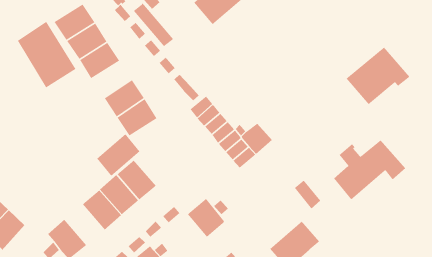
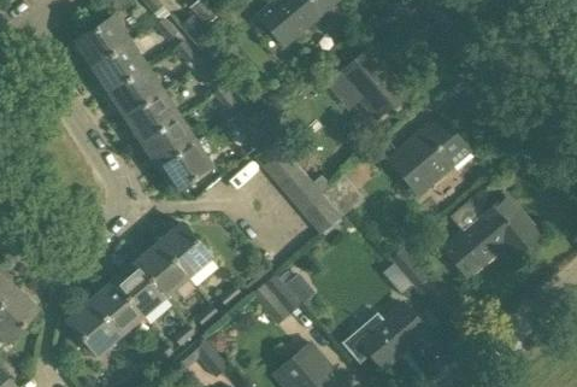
building: [17,21,77,89] -> none
building: none -> [330,49,407,118]
building: [346,47,411,105] -> [389,117,475,194]
building: none -> [125,93,179,142]
building: [96,133,141,177] -> none
building: none -> [90,282,143,336]

